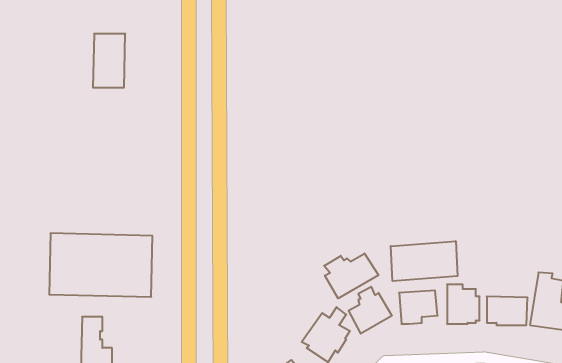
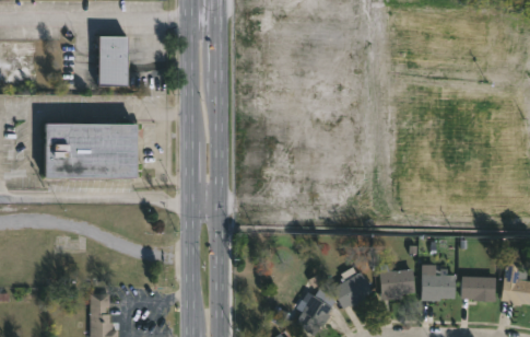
building: [49,233,152,297] -> [44,123,138,181]
building: [391,241,458,281] -> none
building: [324,253,378,298] -> none

